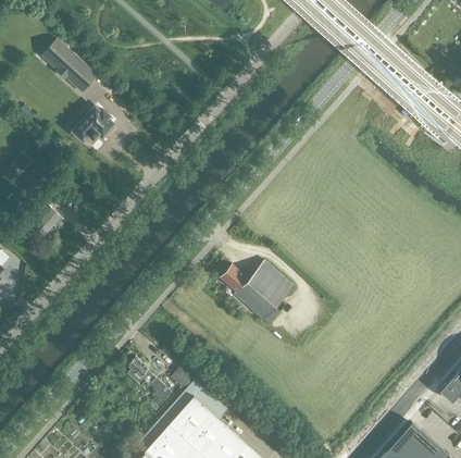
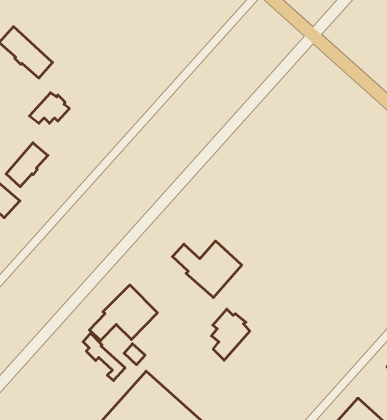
building: none -> [6,143,48,187]
building: none -> [89,285,157,341]
building: none -> [211,309,250,360]

